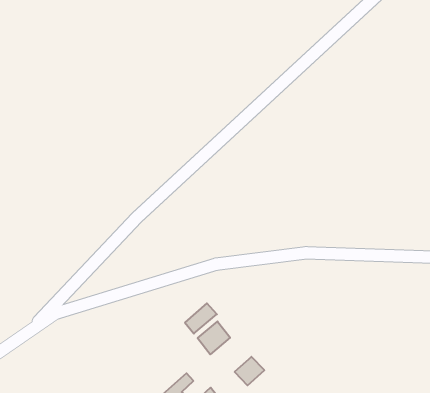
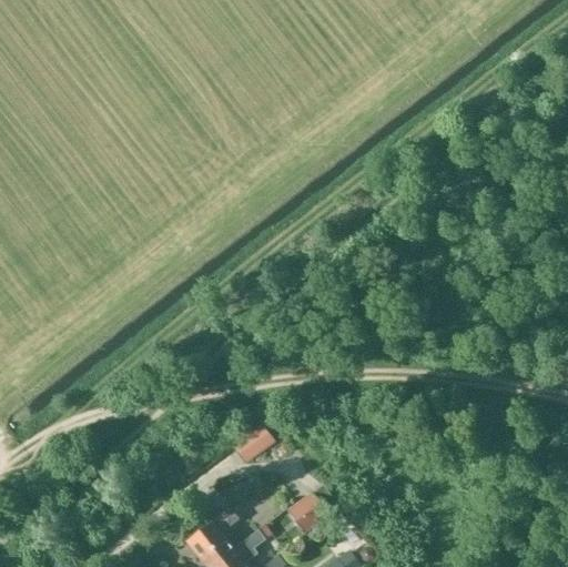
building: [198,321,230,354] -> none

